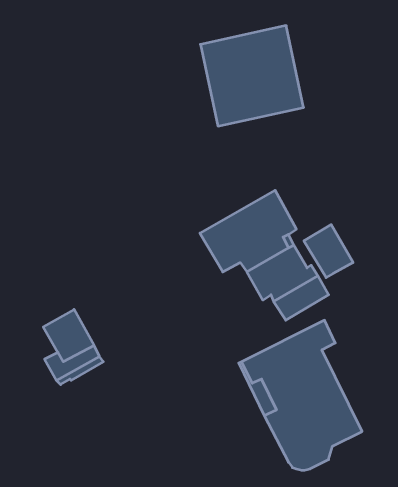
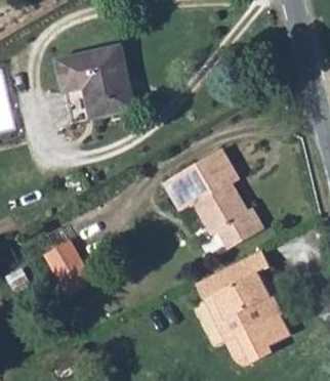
building: [200,26,304,126] -> [56,45,135,122]
building: [304,225,353,278] -> none

